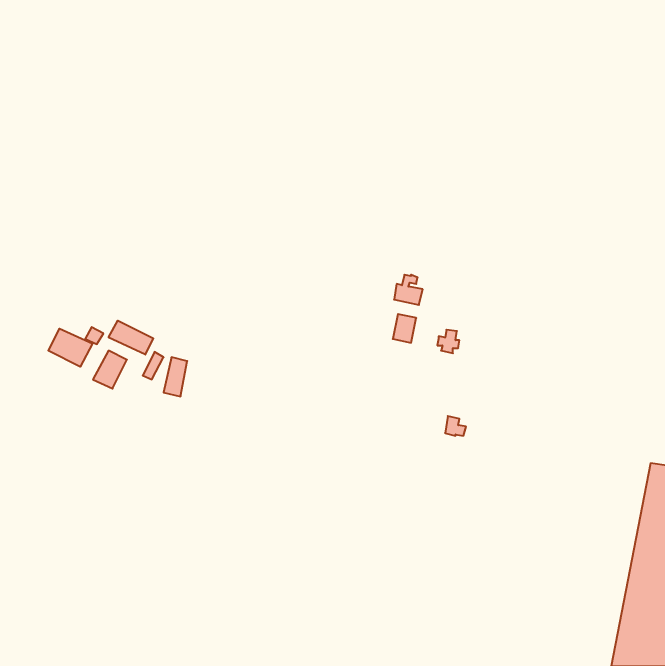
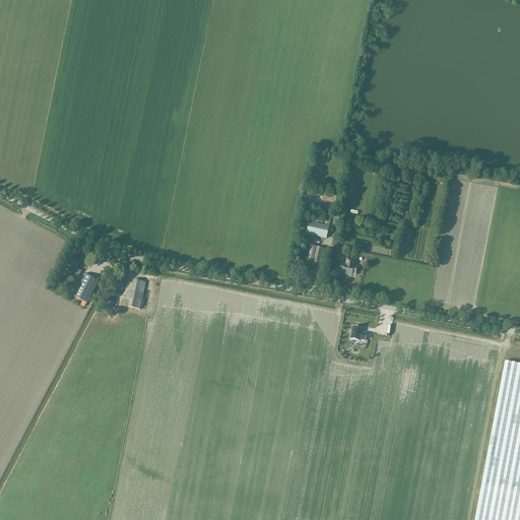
building: [109,321,153,355] -> none
building: [48,329,93,367] -> none

